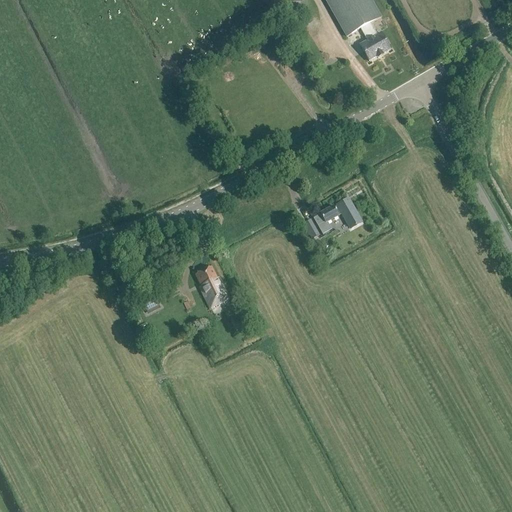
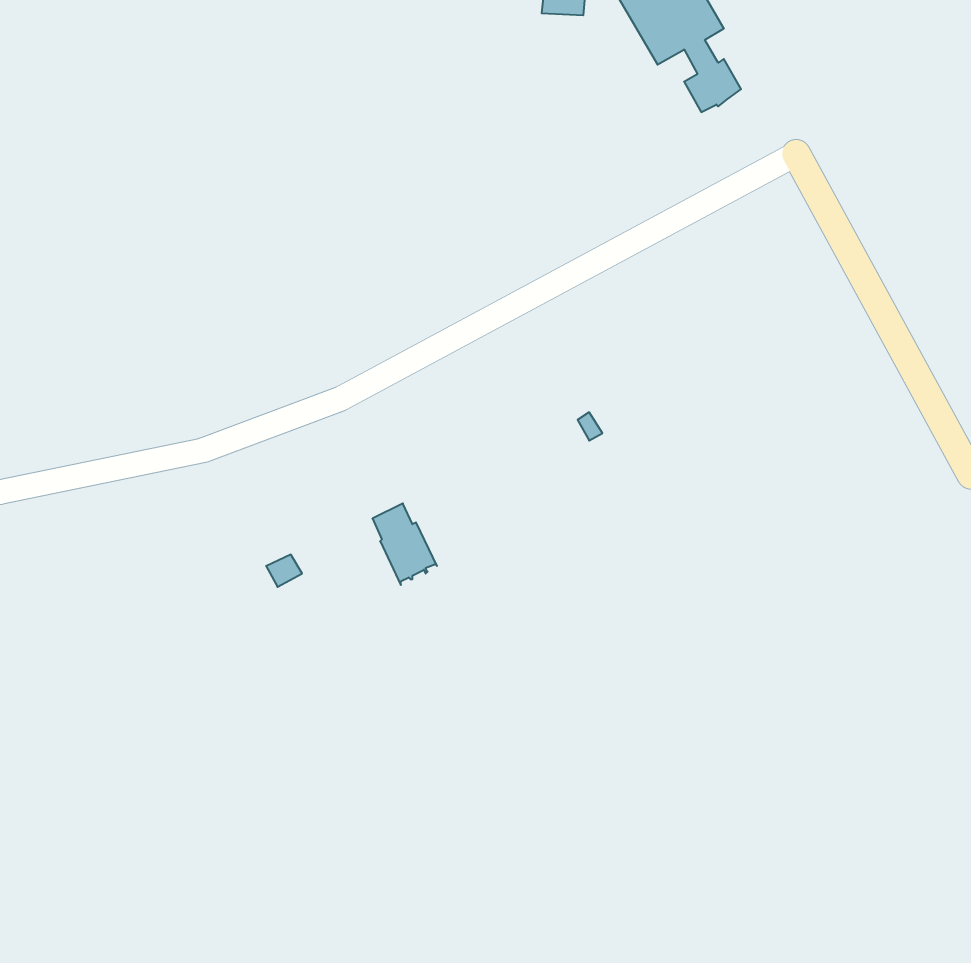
building: [314,195,363,232] -> none

